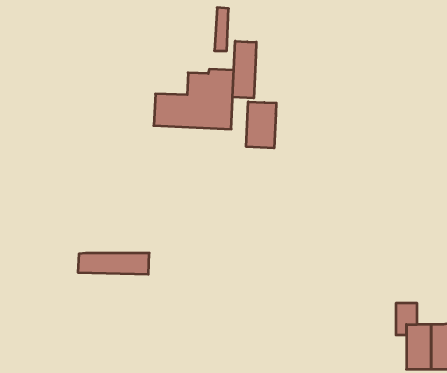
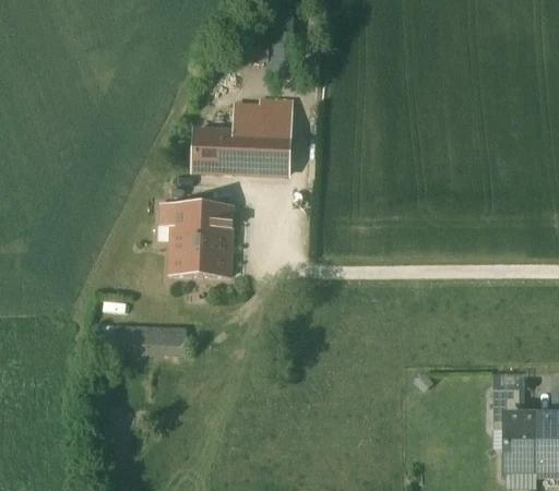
building: [233,41,256,98] -> none
building: [246,102,276,148] -> none
building: none -> [171,202,230,274]

